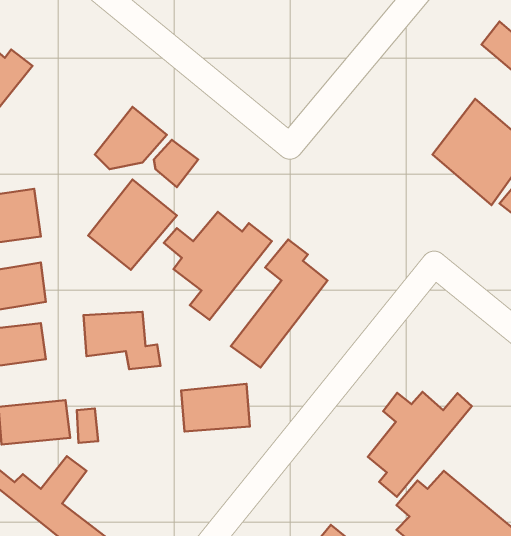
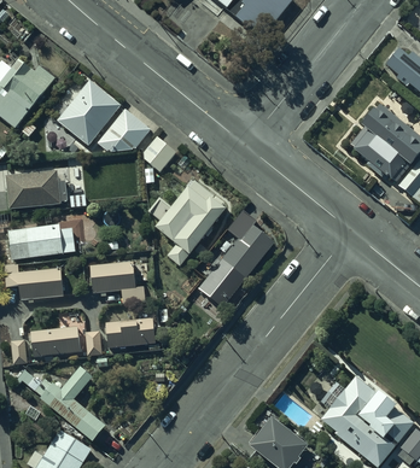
building: [88,180,177,270] -> [57,80,122,146]
building: [181,384,250,431] -> [105,314,156,349]
building: [368,392,472,497] -> none

